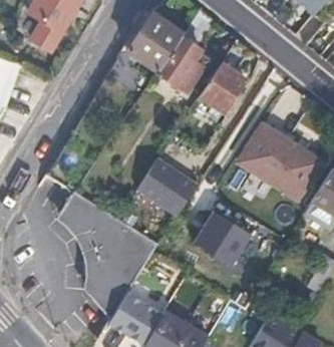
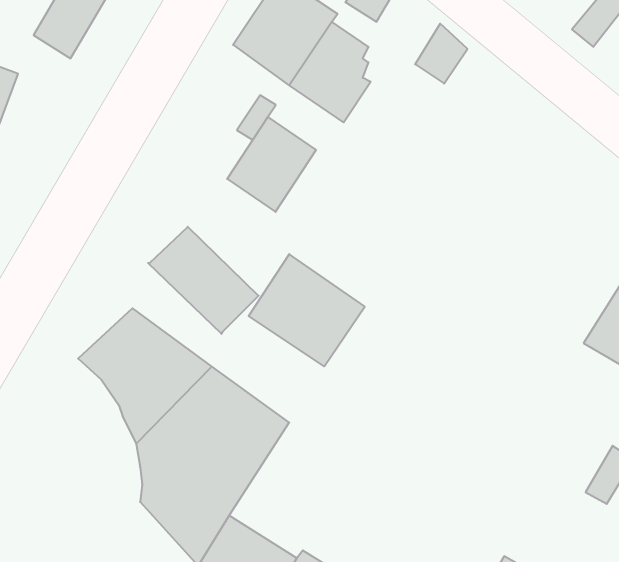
building: [200,65,246,114] -> [227,117,316,212]
building: [237,123,321,201] -> none
building: none -> [148,227,259,334]
building: [196,211,254,267] -> none

